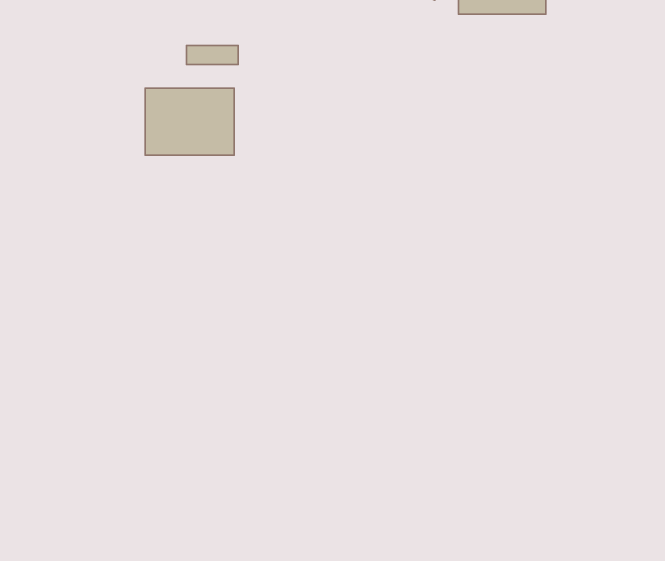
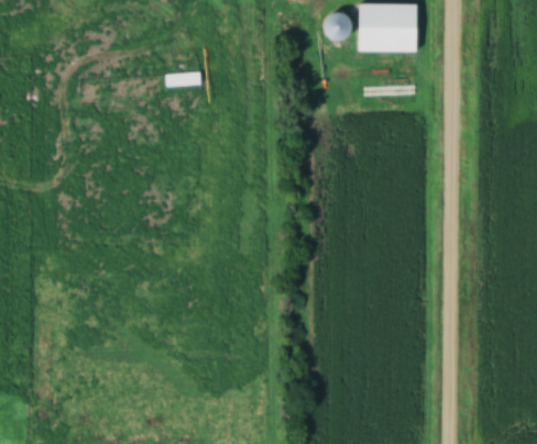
building: [145,88,234,155] -> none

